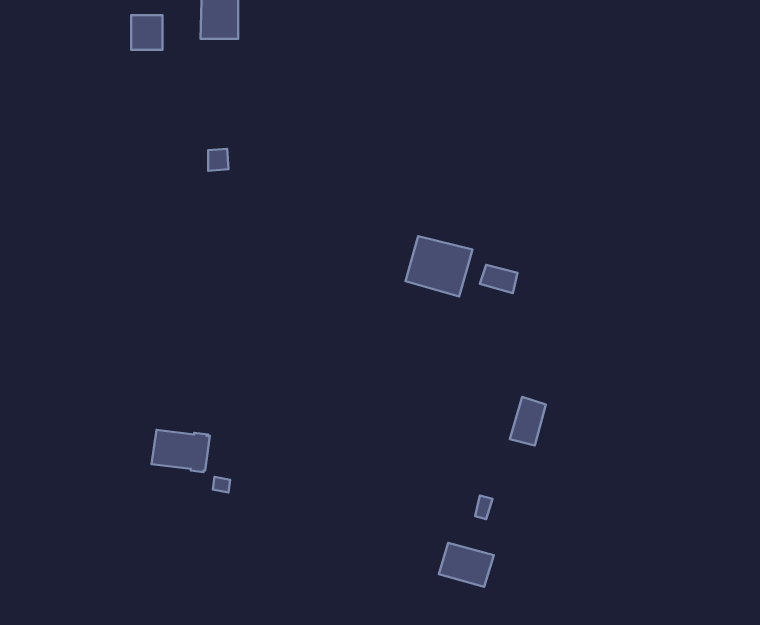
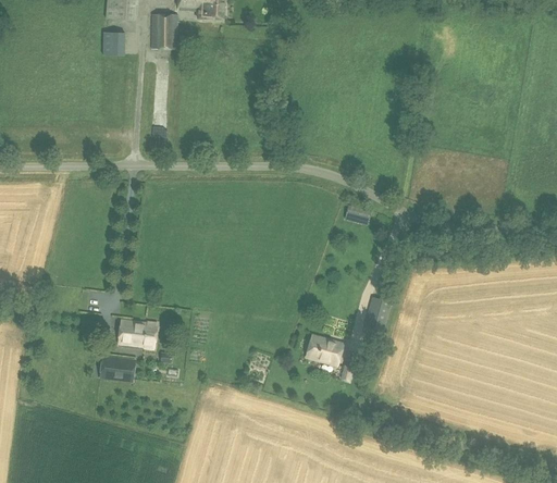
building: [405,236,472,296] -> none
building: none -> [99,355,134,381]
building: [439,543,494,587] -> [305,334,343,364]

